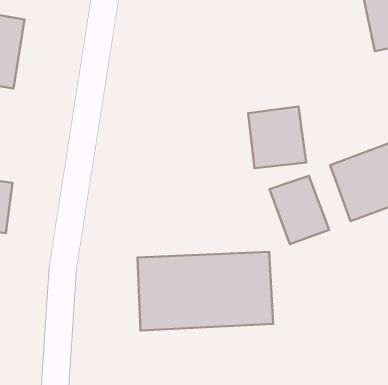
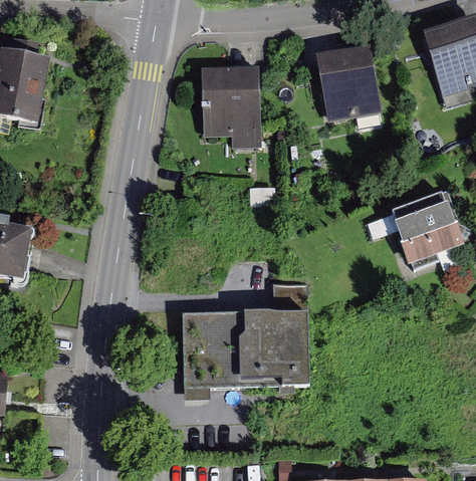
building: none -> [195,63,260,139]
building: [248,107,306,168] -> [312,48,375,114]
building: [270,176,329,244] -> none

